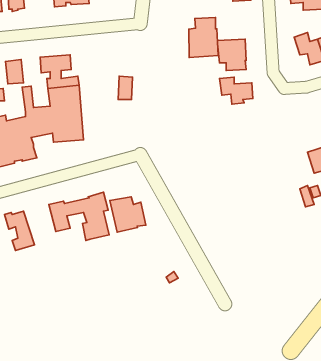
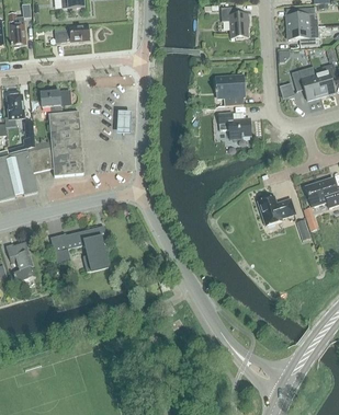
building: [189,17,218,58] -> none
building: none -> [257,195,295,224]
building: [110,197,146,232] -> none

